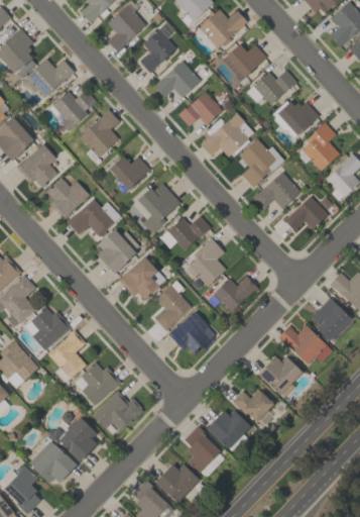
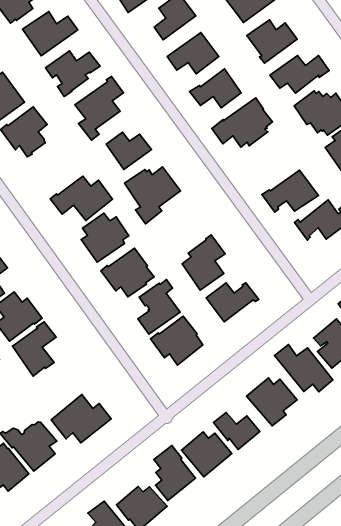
building: [238,138,283,188] -> none
building: [45,178,89,219] -> none
building: [159,216,210,250] -> none
building: [81,361,120,404] -> none

